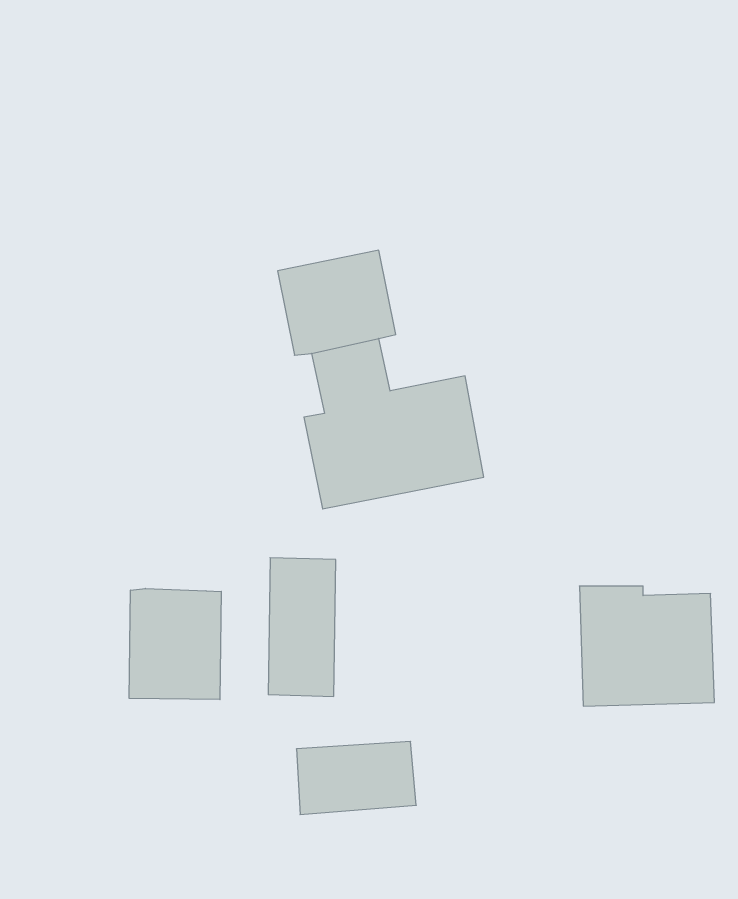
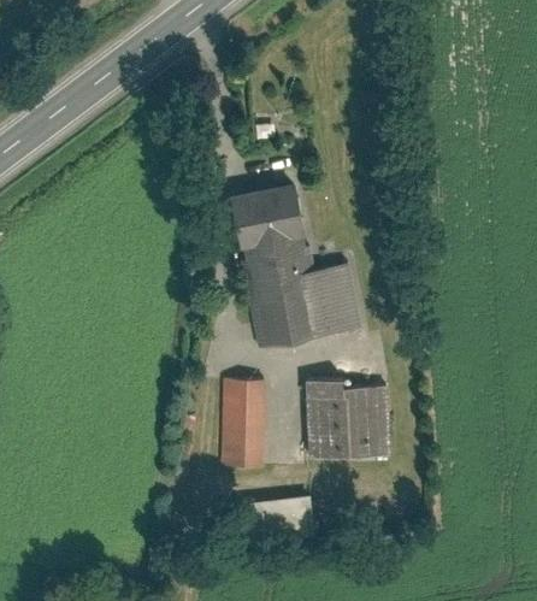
building: [579,586,714,706] -> [306,381,393,458]
building: [129,588,221,700] -> none

